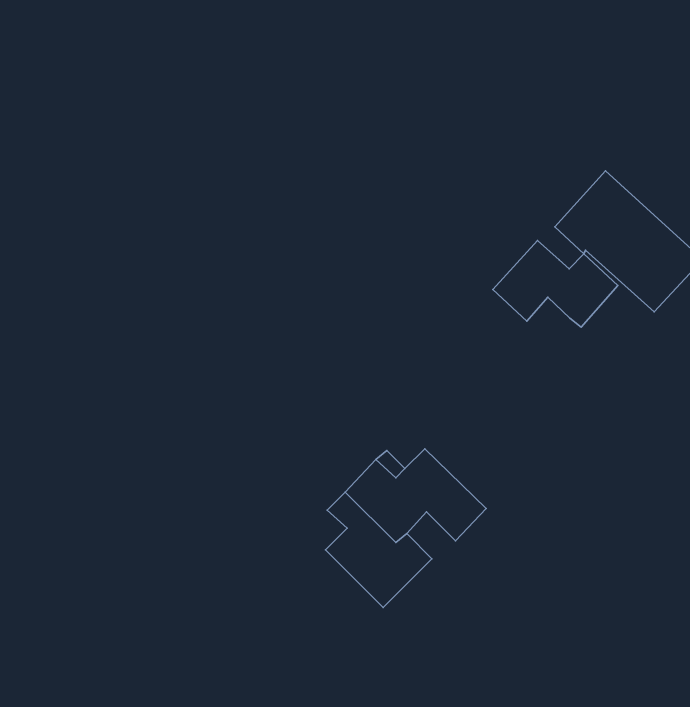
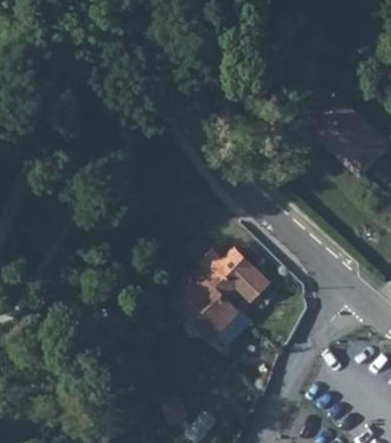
building: [493,241,618,327] -> none

